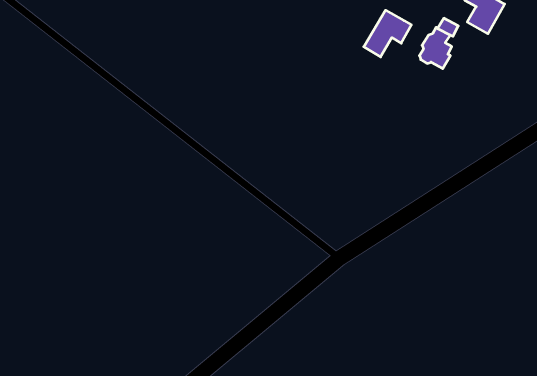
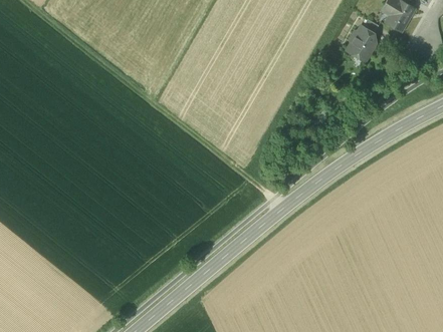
building: [364,10,411,57] -> none

